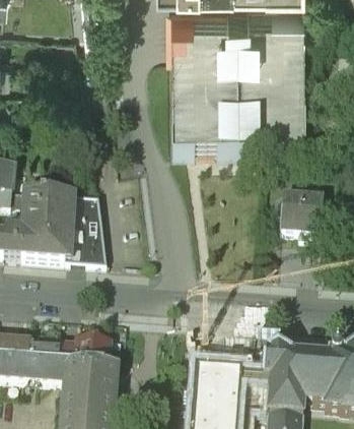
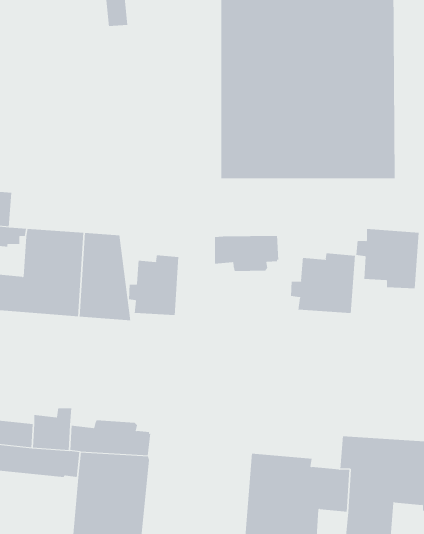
building: none -> [214,235,279,272]
building: none -> [290,252,355,314]
building: none -> [128,254,179,316]

